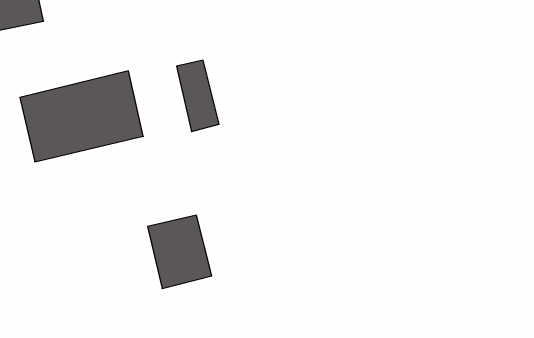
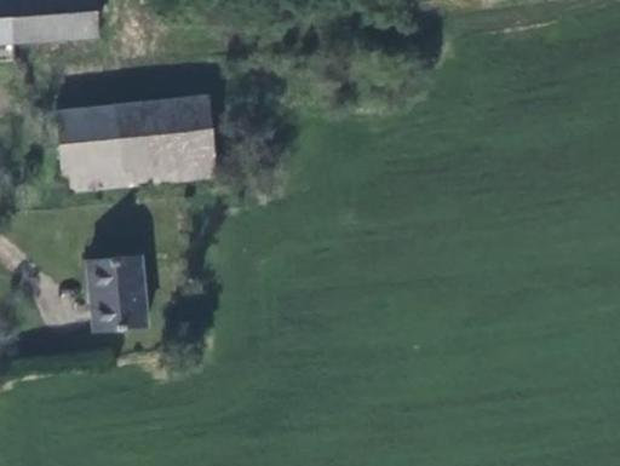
building: [177,60,219,132] -> [179,98,216,172]
building: [148,215,212,289] -> [86,259,147,332]

